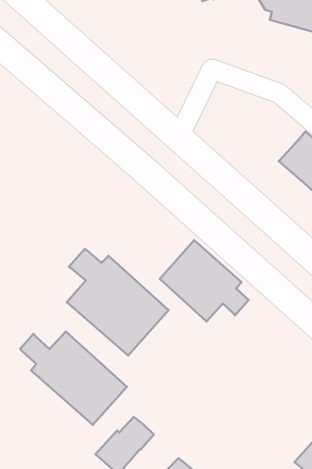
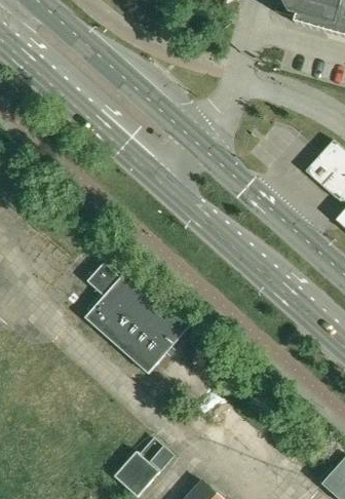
building: [160,240,248,322] -> none
building: [20,331,127,425] -> none

